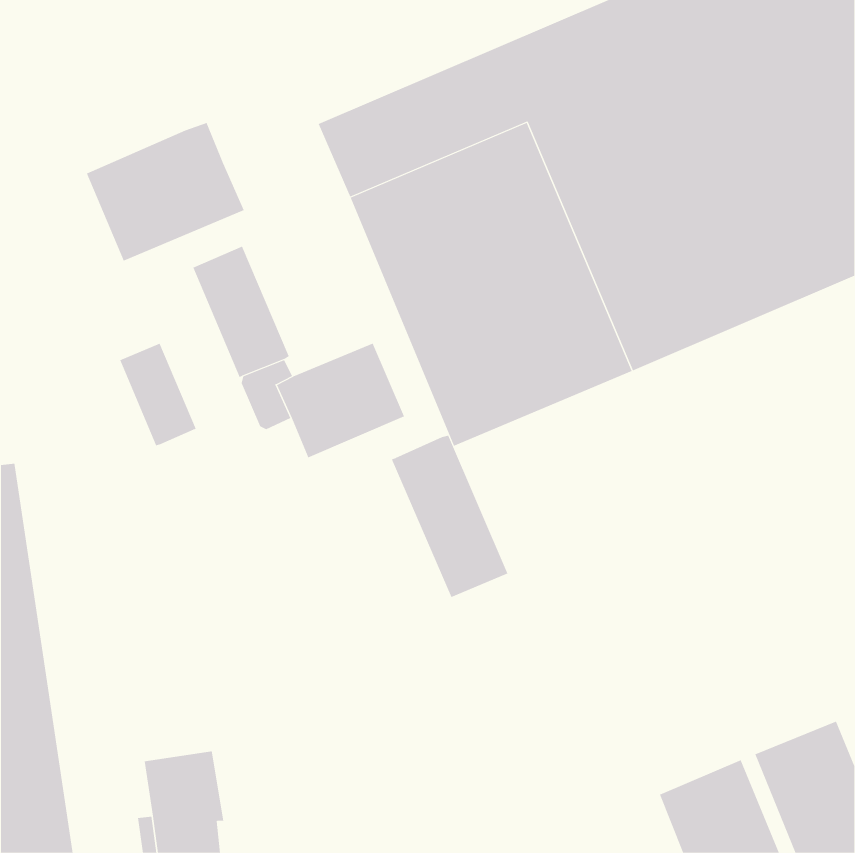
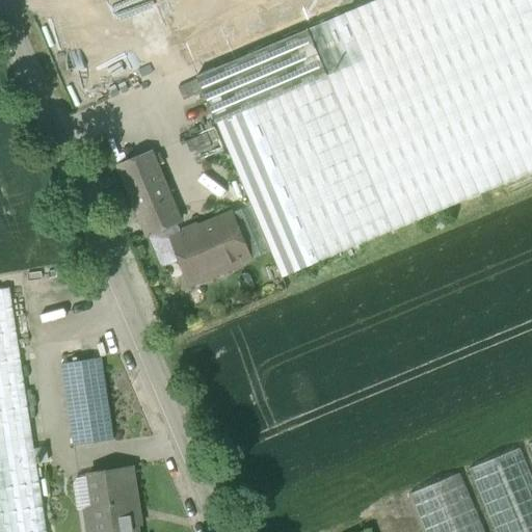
building: [86,122,244,262] -> none
building: [119,343,197,446] -> none
building: [391,435,508,598] -> none
building: none -> [61,357,113,446]

